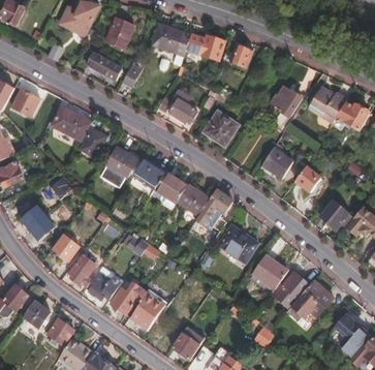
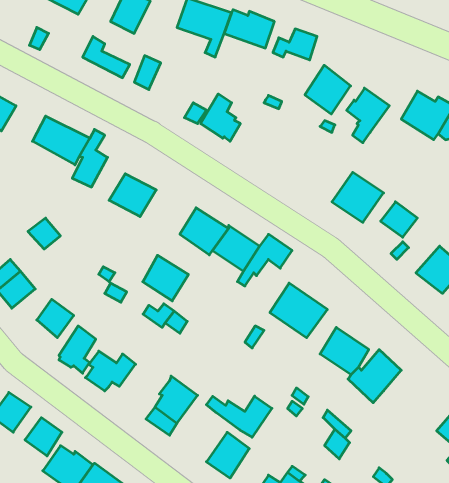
building: [204,112,236,146] -> [305,65,351,114]
building: [133,157,165,189] -> [143,255,188,301]
building: [296,279,333,314] -> none
building: [112,282,147,314] -> none
building: none -> [206,396,272,437]

